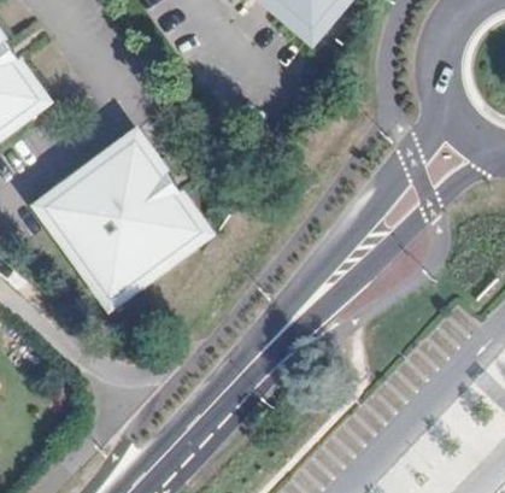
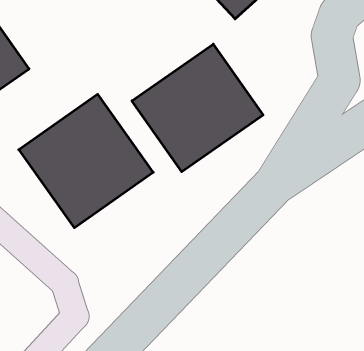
building: none -> [132,44,263,172]

